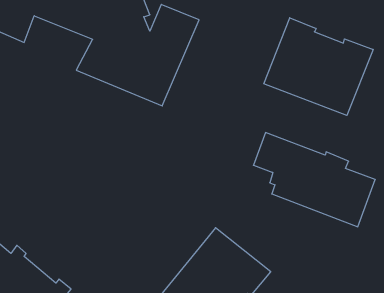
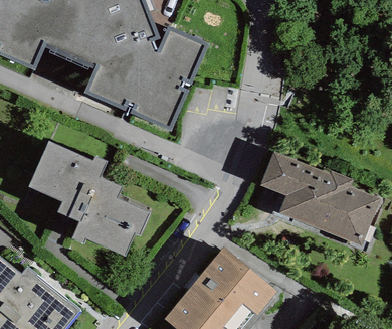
building: [264,18,373,115] -> none
building: none -> [28,141,148,253]

